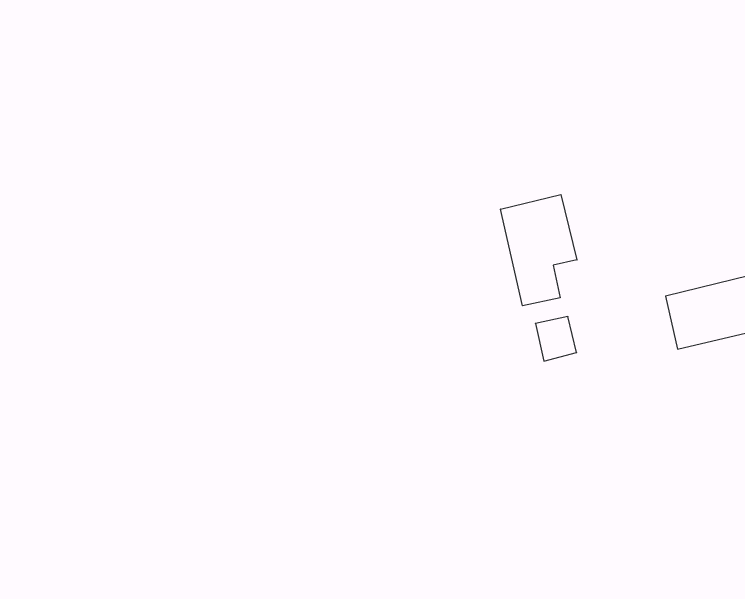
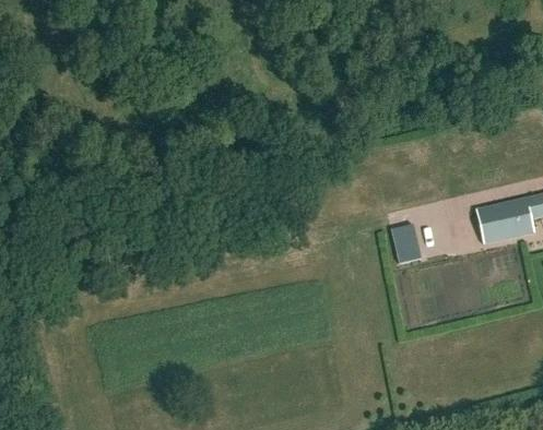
building: [501,195,577,306] -> none

